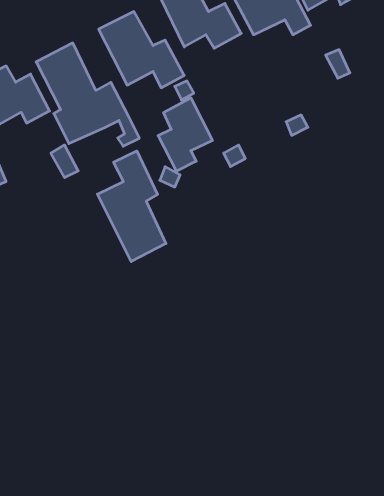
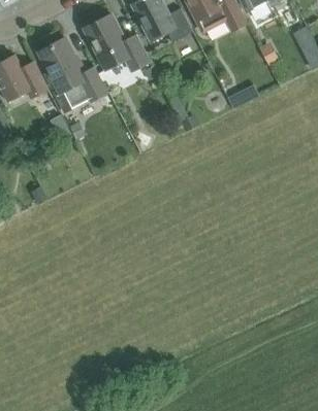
building: [158,98,212,171] -> none
building: [97,151,166,262] -> none

